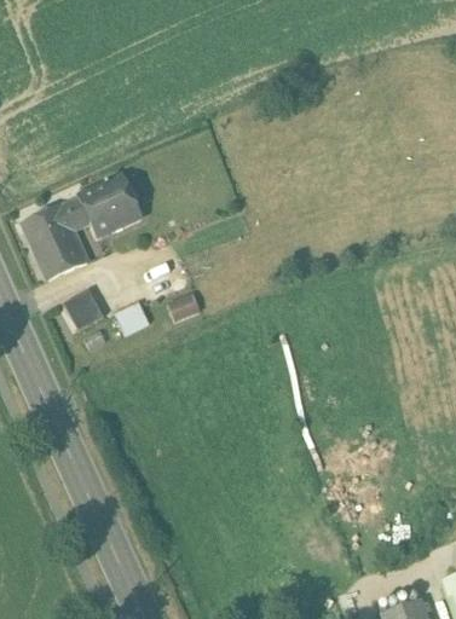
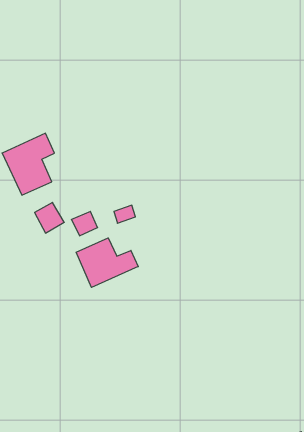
building: [77,178,138,237] -> none
building: none -> [76,238,138,287]

